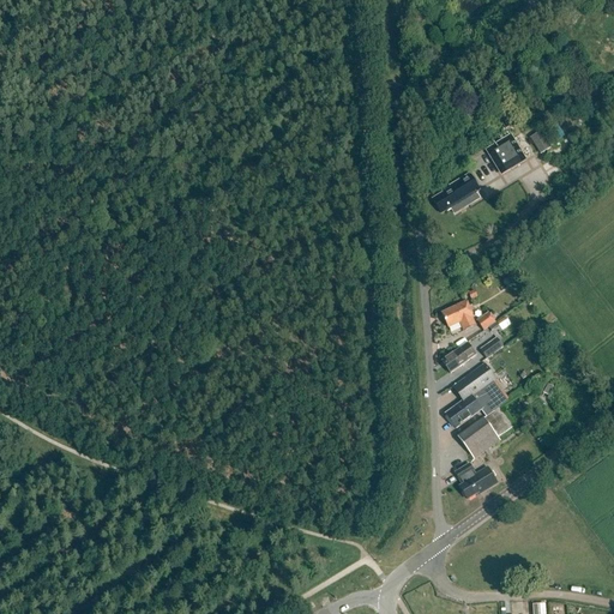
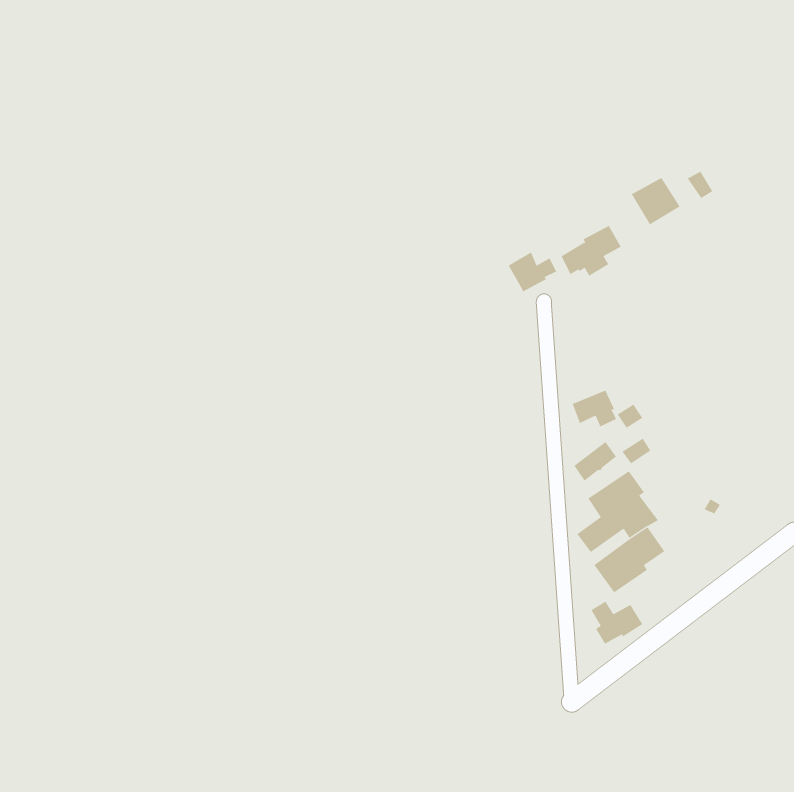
building: none -> [508,251,557,292]

